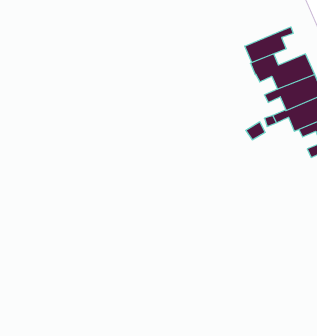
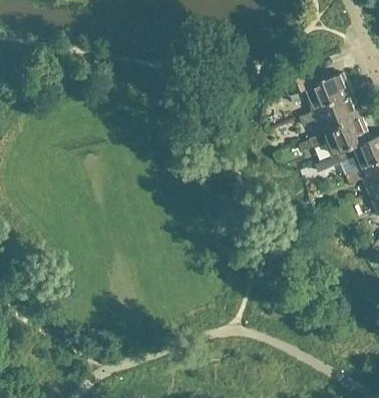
building: [245,27,293,63] -> none

